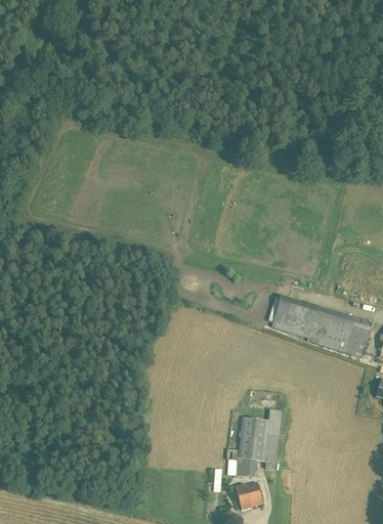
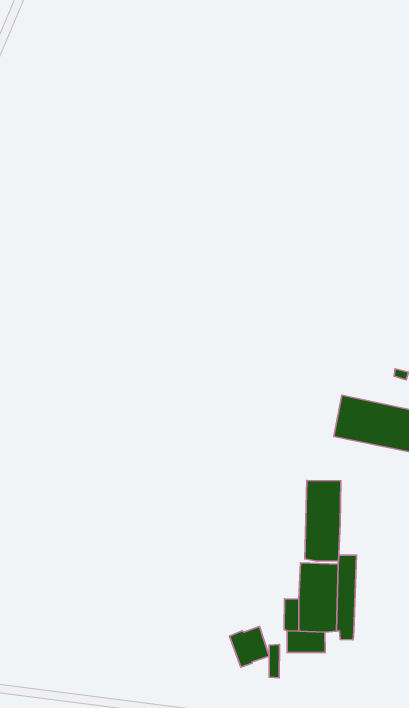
building: none -> [305,480,341,561]
building: [236,483,262,511] -> [230,626,269,667]

